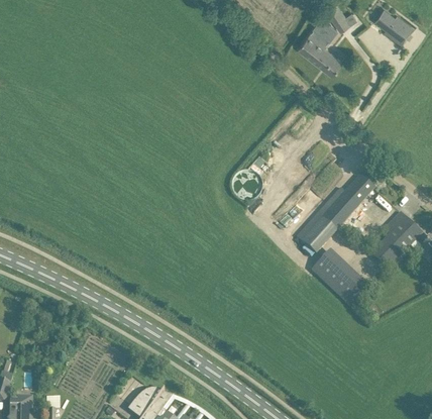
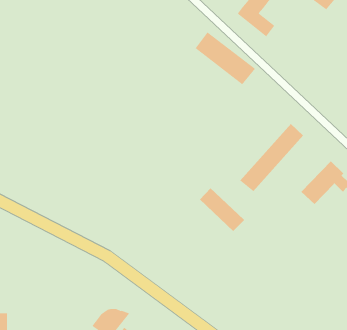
building: none -> [195,31,256,85]
building: [311,252,369,304] -> [199,187,250,232]

